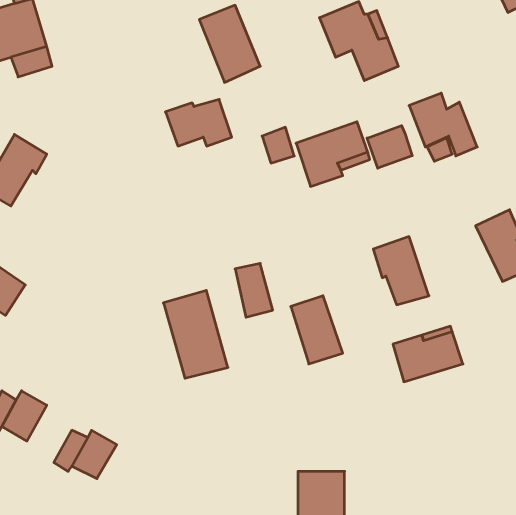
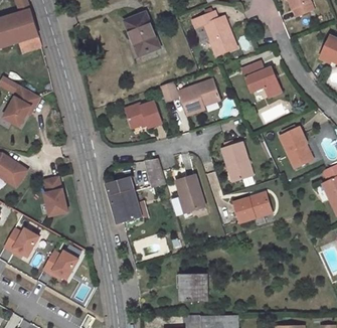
building: [165,99,232,146] -> [125,102,162,128]
building: [367,126,412,168] -> none
building: none -> [43,177,66,216]

